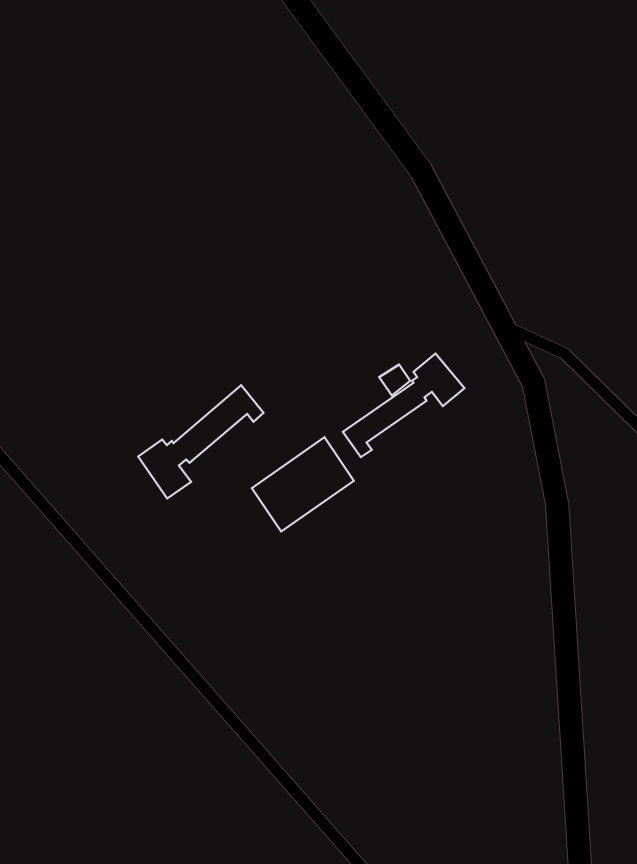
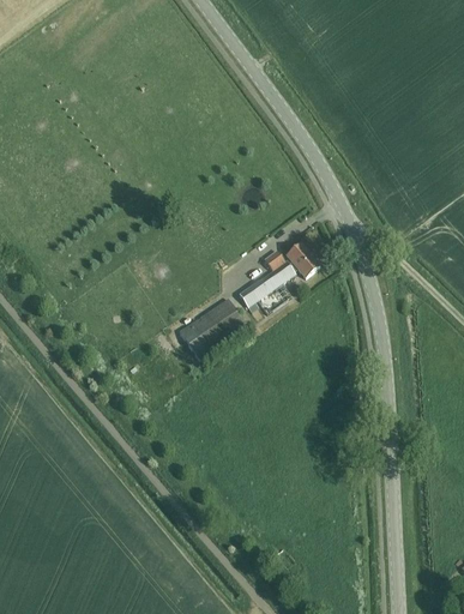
building: [138,385,263,499] -> none

